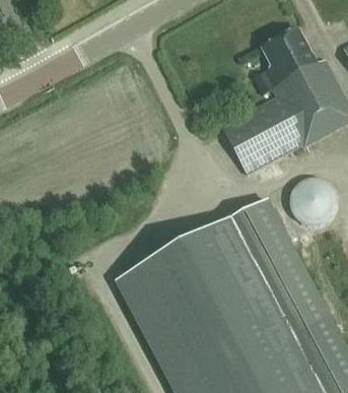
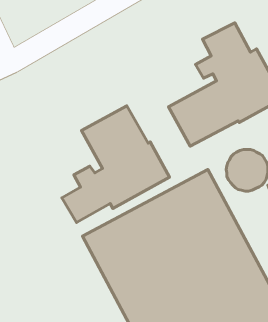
building: none -> [62,106,170,222]

